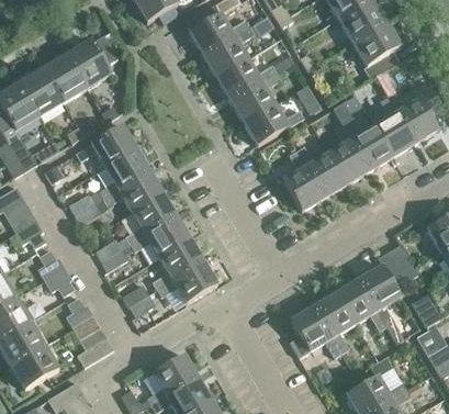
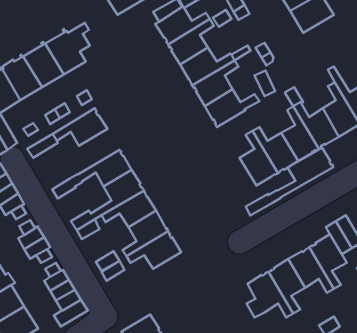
building: [352,21,401,79] -> none
building: [68,148,149,215] -> none
building: none -> [246,148,333,216]

